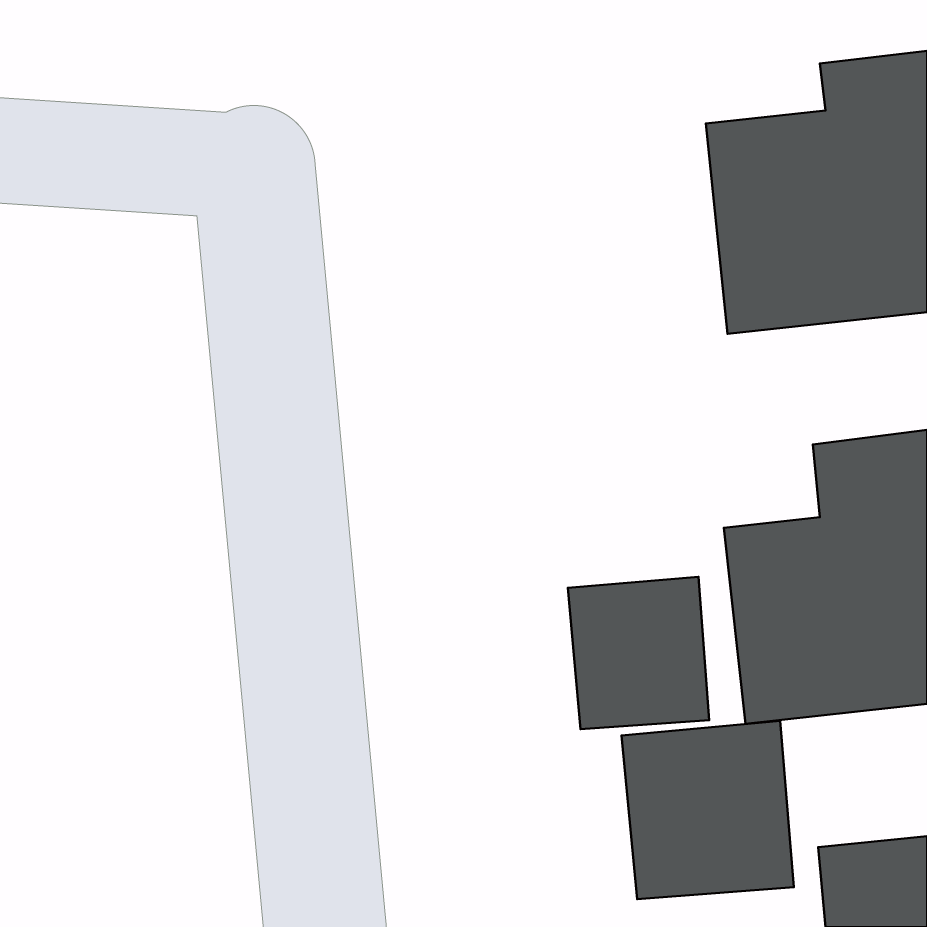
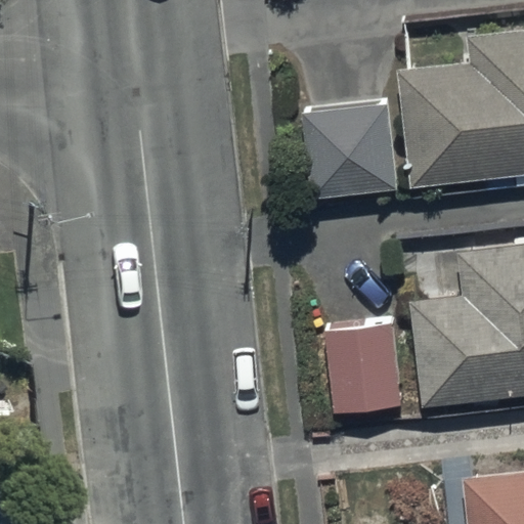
building: none -> [305,104,398,198]
building: [622,721,794,899] -> none

